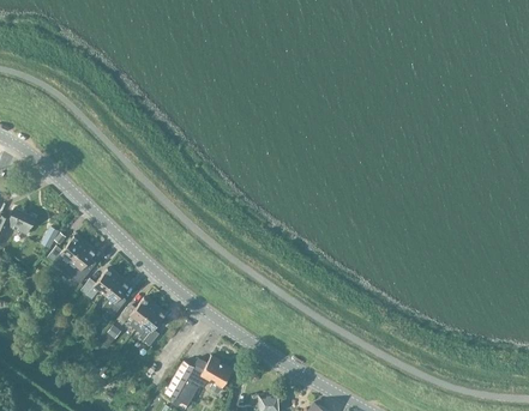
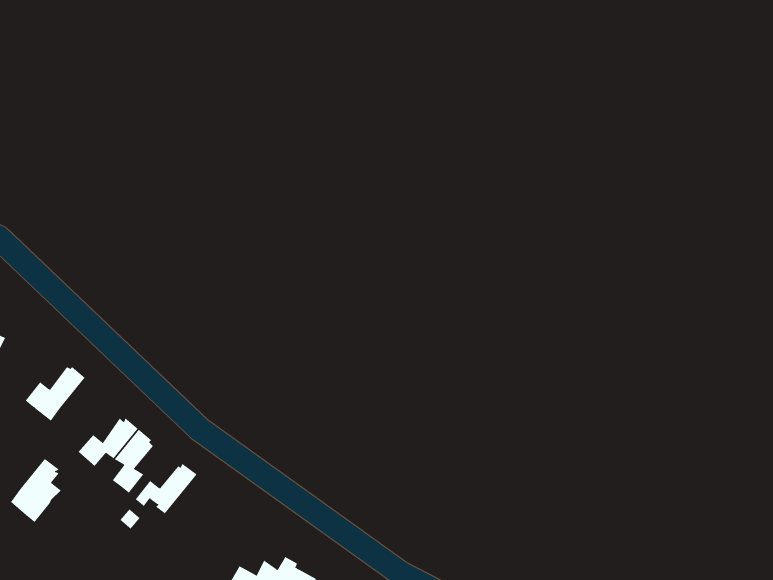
building: [64,243,96,284] -> [10,458,61,523]
building: [136,304,164,345] -> none

